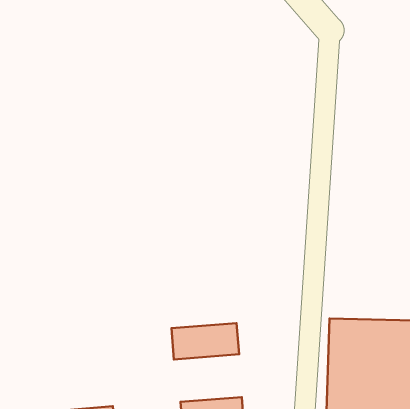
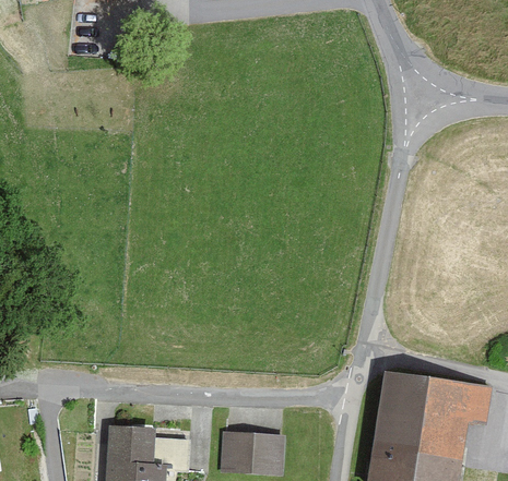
building: [171,323,239,359] -> none

